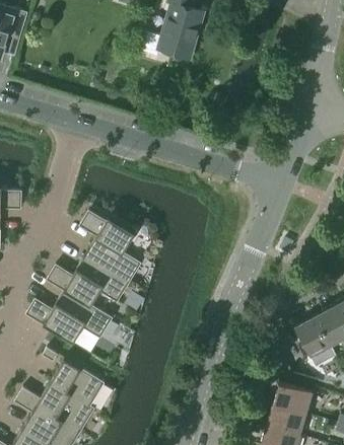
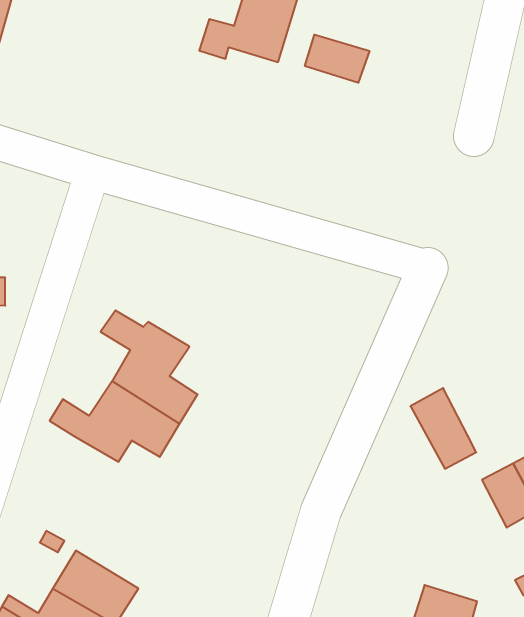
building: none -> [305,35,369,83]
building: [26,290,112,342] -> none
building: [294,316,335,366] -> [410,388,476,469]

